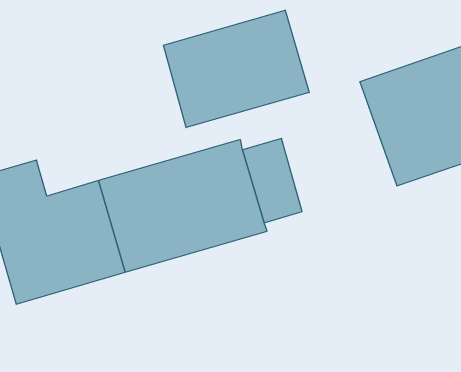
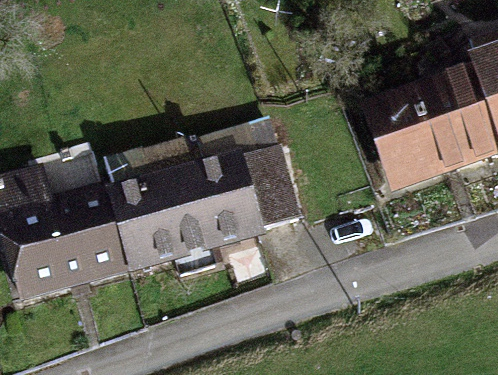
building: [164,10,309,128] -> none

